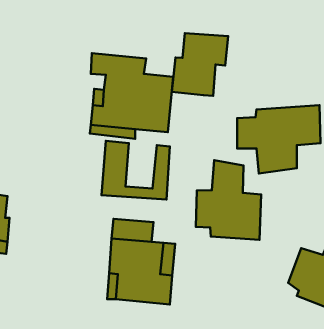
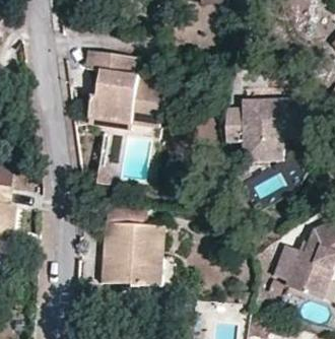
building: [172,33,228,96] -> none
building: [196,160,261,240] -> none

